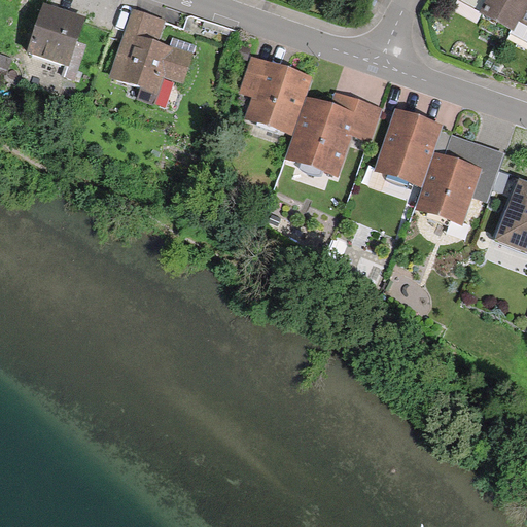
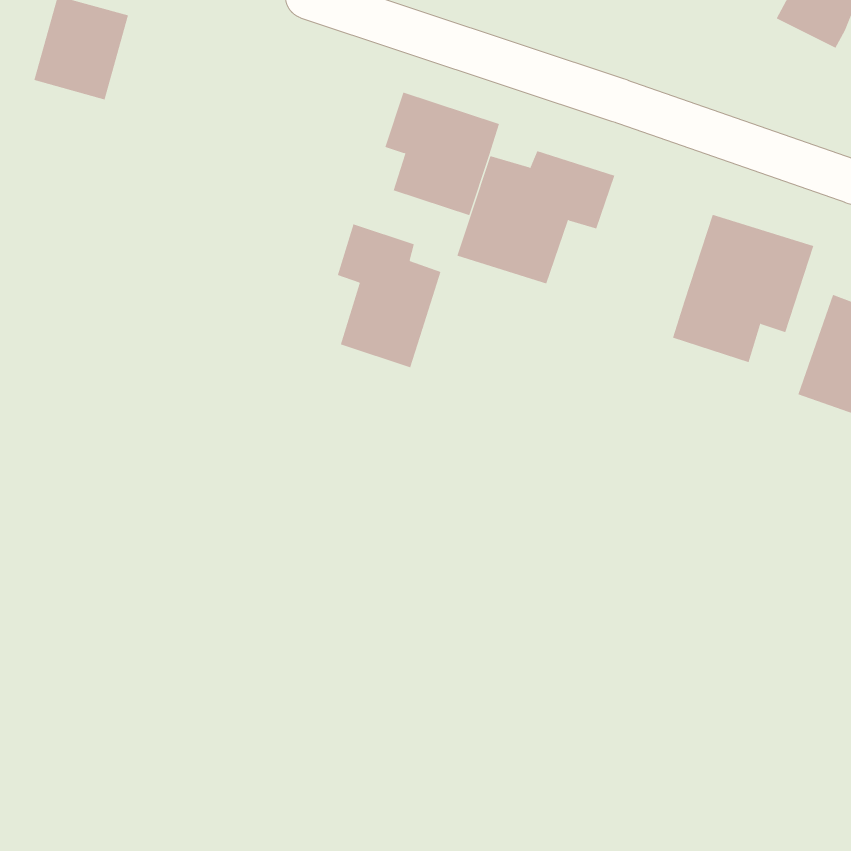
building: [110,7,192,97] -> none
building: [375,109,443,185] -> none
building: none -> [337,224,441,368]

